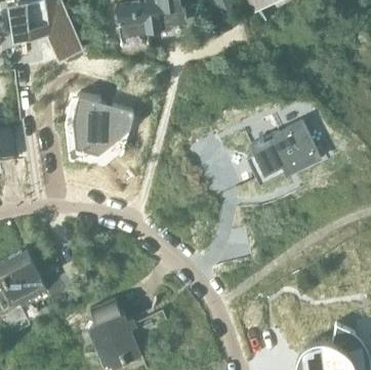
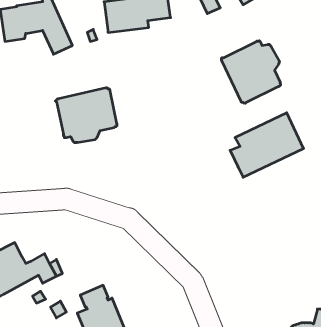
building: none -> [221,41,281,103]

